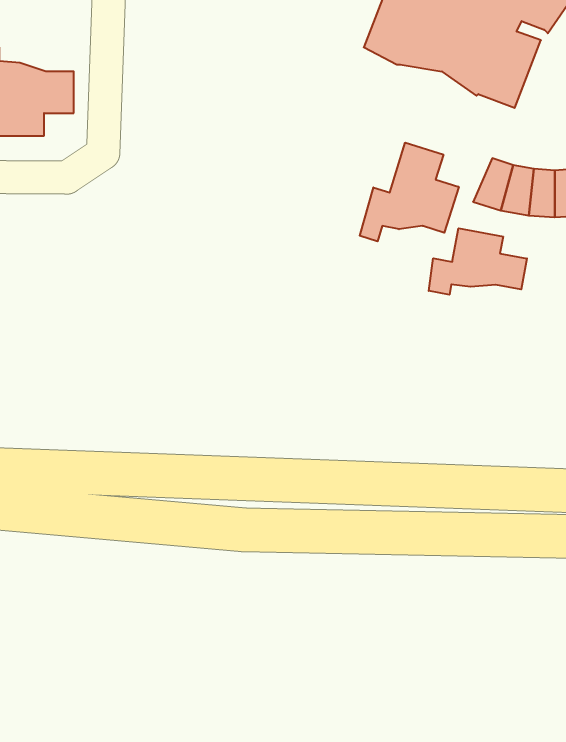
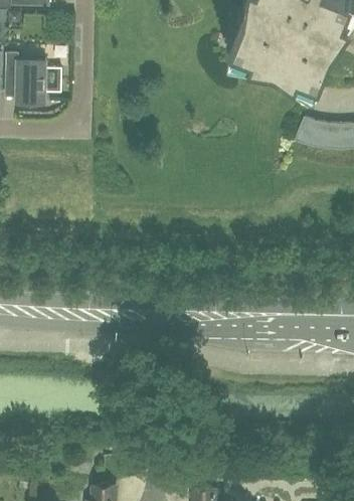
building: [360,143,459,241] -> none
building: [429,228,527,295] -> none

